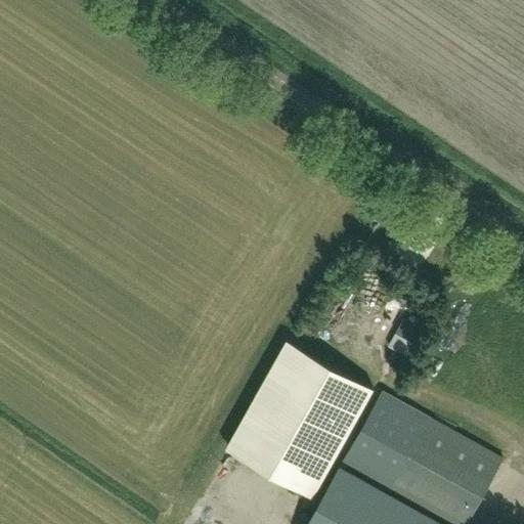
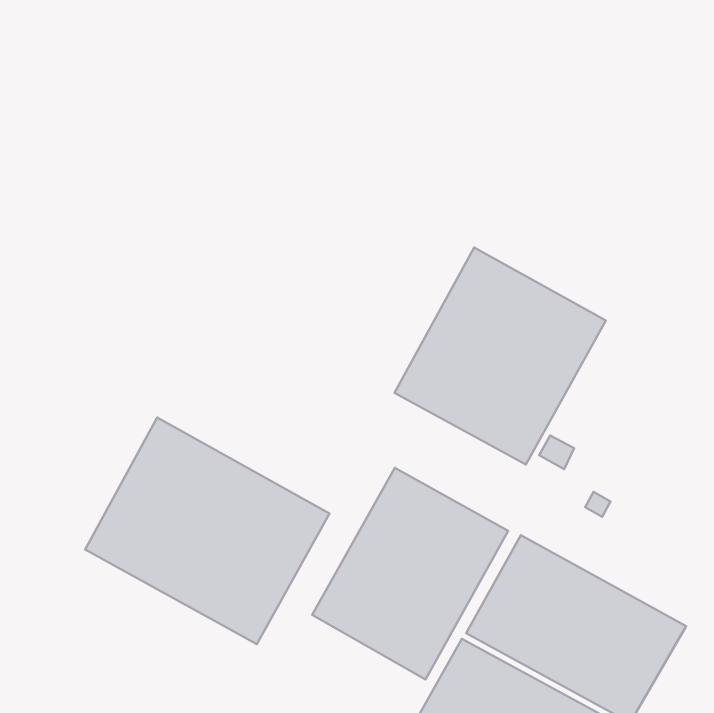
building: none -> [395,247,606,465]
building: none -> [85,418,329,644]

